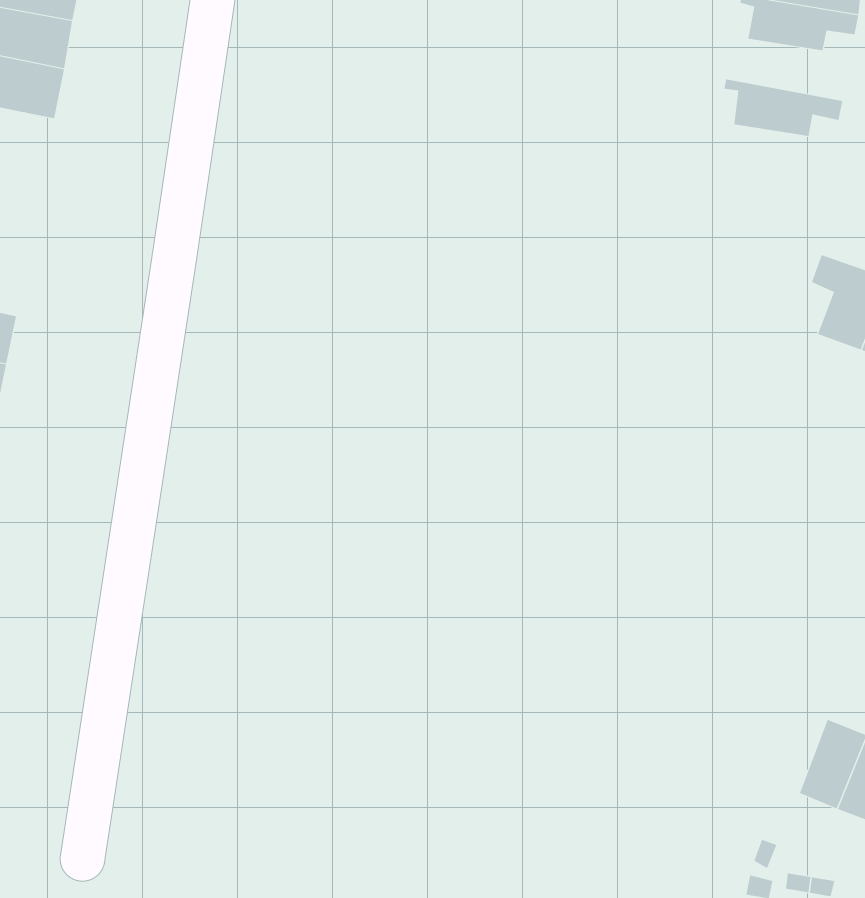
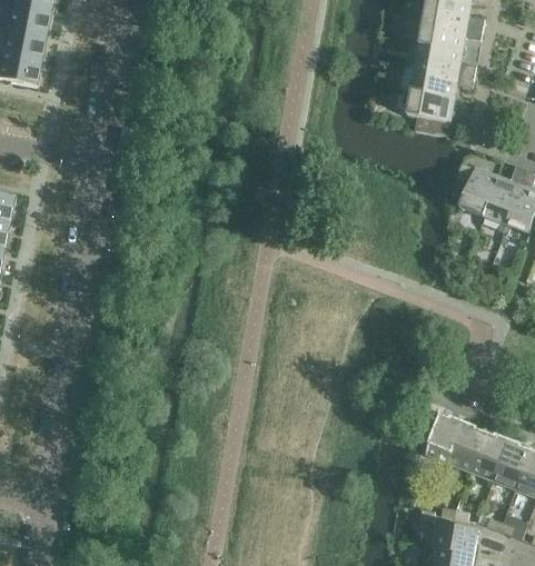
building: none -> [408,42,476,77]
building: none -> [408,90,455,136]
building: none -> [425,413,465,463]

